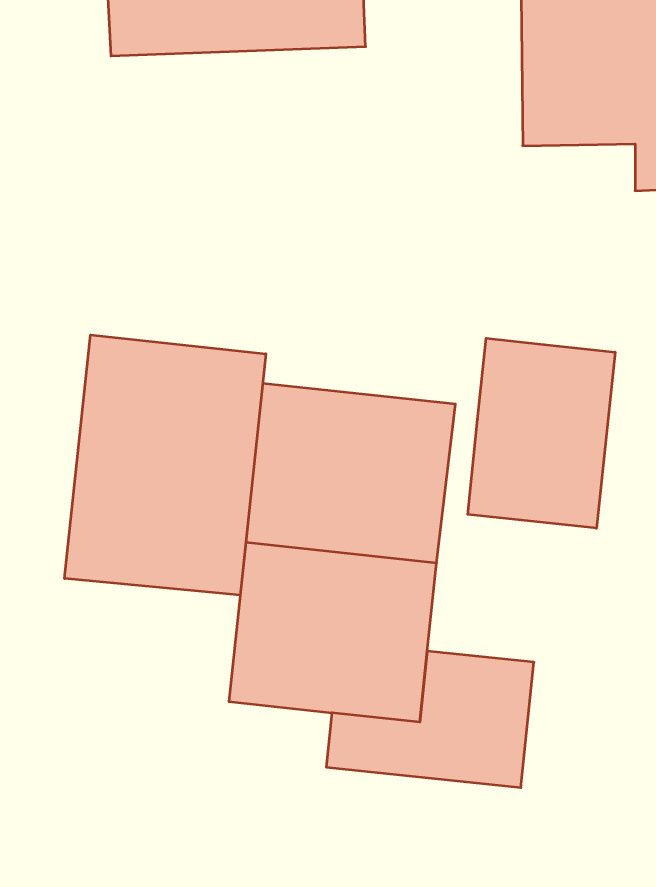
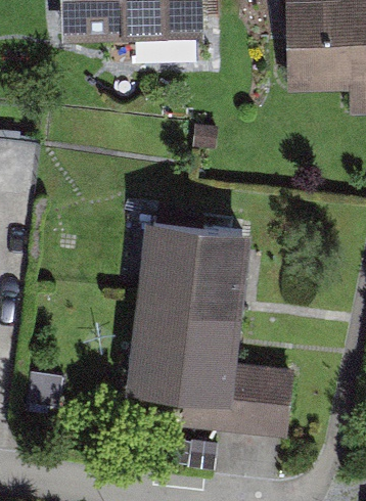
building: [65,335,266,595] -> none
building: [468,338,615,528] -> none

